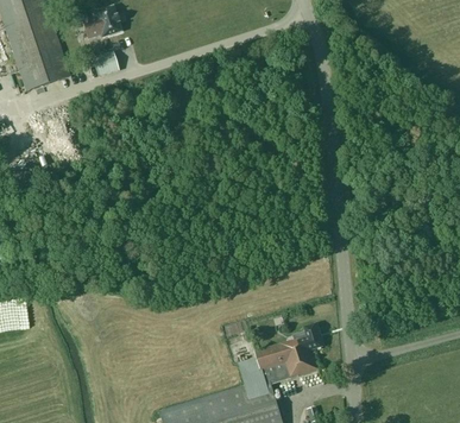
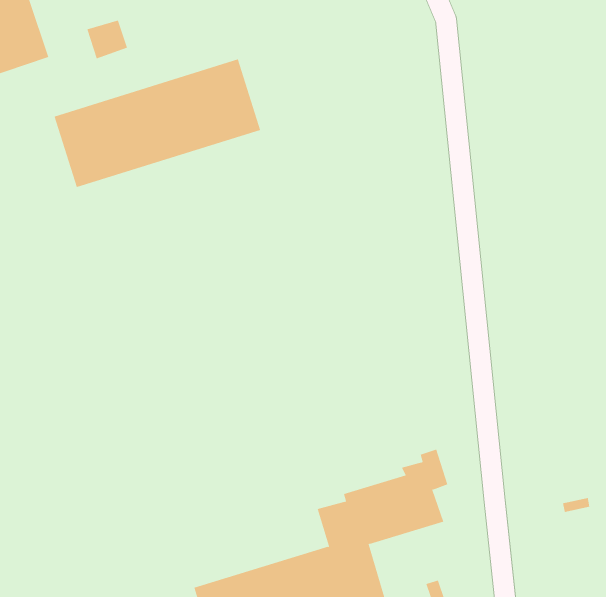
building: none -> [54,59,261,188]

